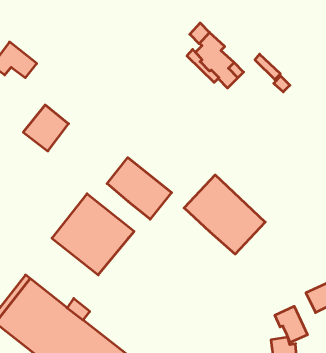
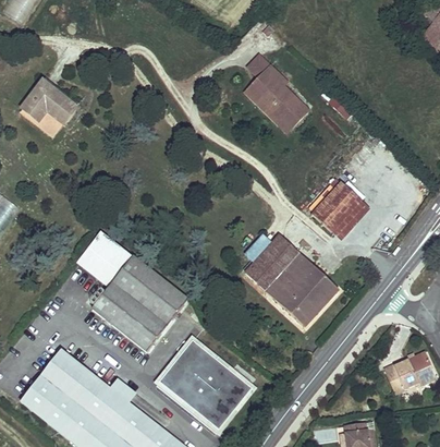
building: [23,105,69,151] -> [76,227,129,280]
building: none -> [310,182,368,240]
building: [107,158,172,219] -> none
building: none -> [151,336,255,434]
building: [275,306,307,343] -> none

